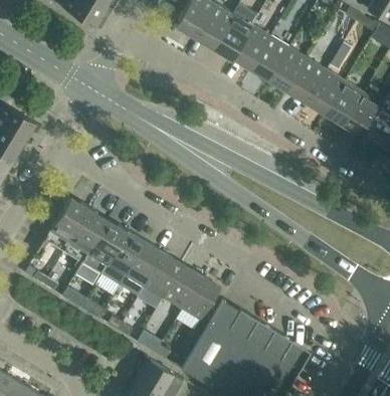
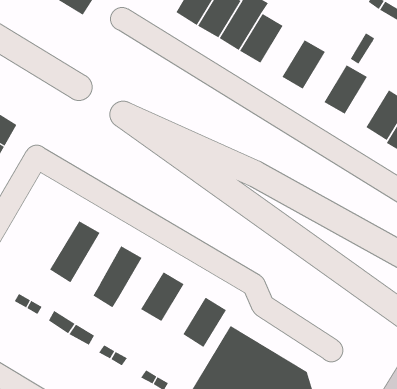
building: [250,35,288,80] -> none
building: [287,58,326,103] -> none
building: [325,80,363,125] -> none
building: [44,195,89,250] -> none
building: [82,218,127,273] -> none
building: [126,240,164,285] -> none
building: [163,263,201,308] -> none

